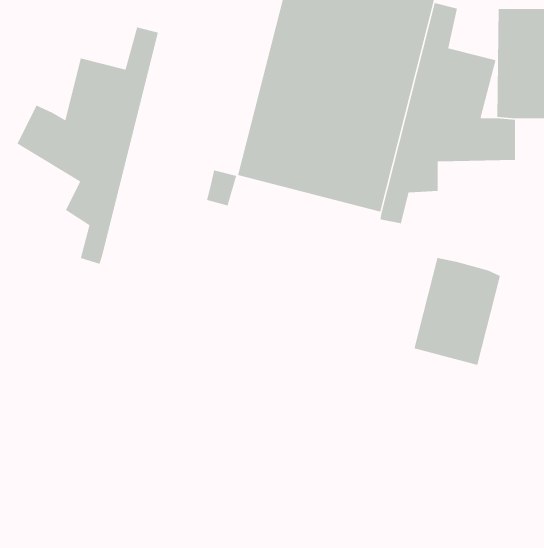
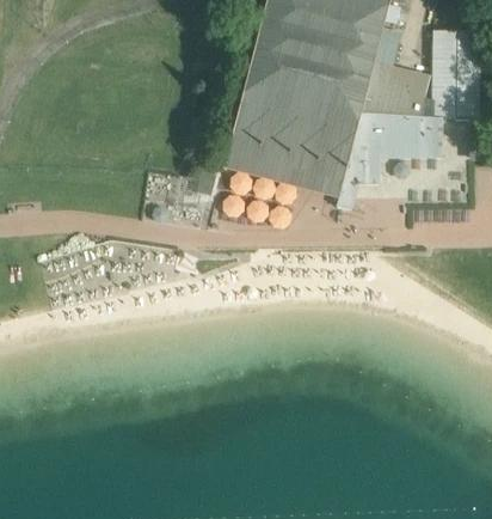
building: [16,27,159,265] -> none
building: [414,257,501,366] -> none

